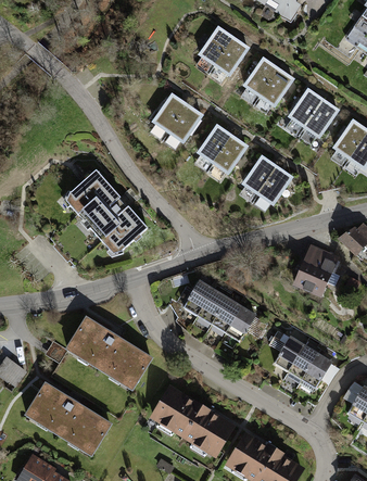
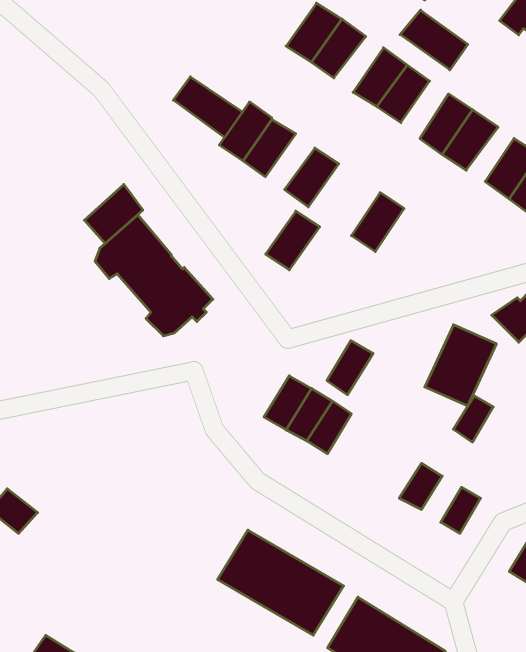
building: none -> [400,10,468,70]
building: none -> [173,77,242,137]
building: [212,135,249,175] -> [266,211,320,270]
building: none -> [84,184,143,244]
building: [257,165,293,205] -> none
building: [225,305,256,342] -> [327,341,373,395]
building: [65,320,153,393] -> none
building: [289,347,316,379] -> [453,396,493,442]
building: [25,383,113,458] -> none

